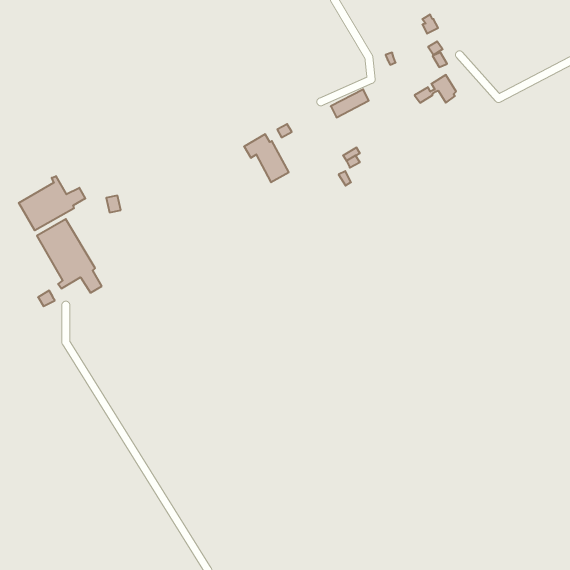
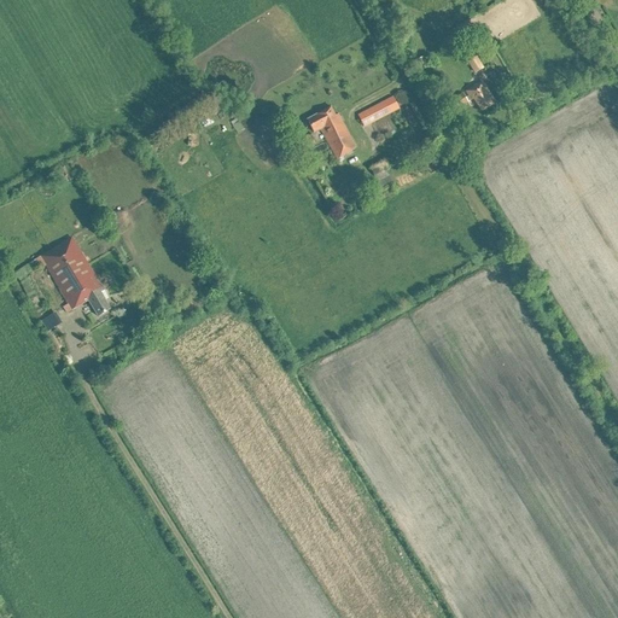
building: [244,134,289,182] -> [308,106,356,158]
building: [19,176,85,230] -> none

